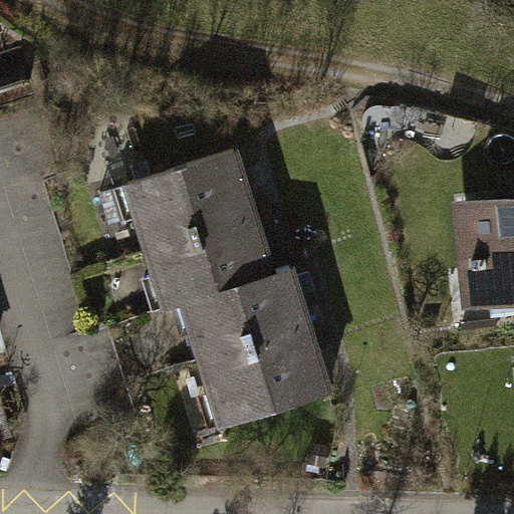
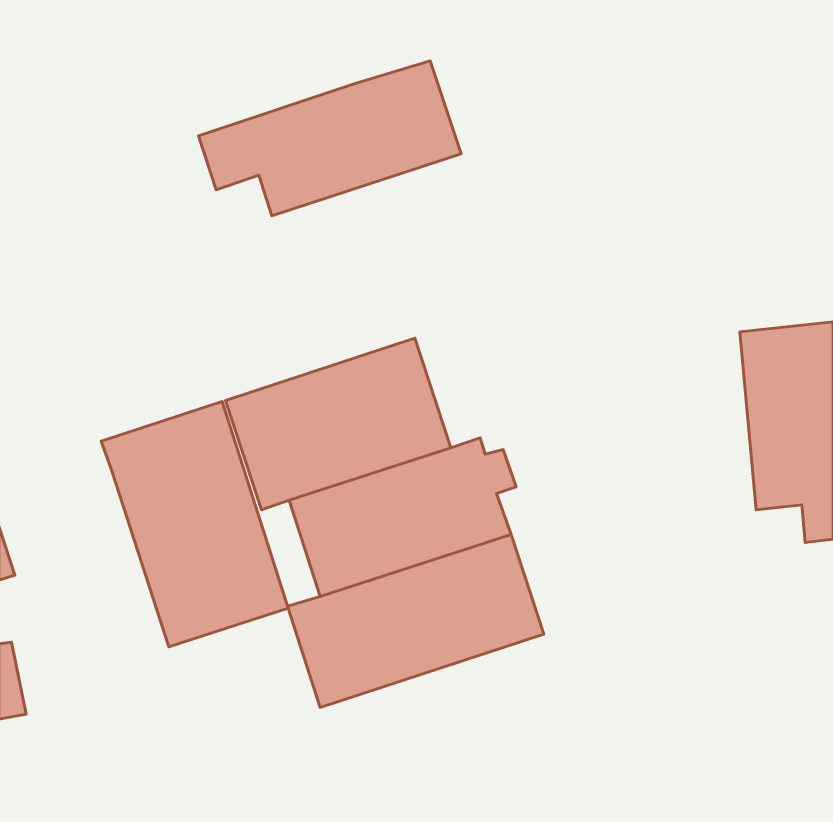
building: [93,151,255,246] -> [198,61,461,216]
building: none -> [101,402,288,647]

